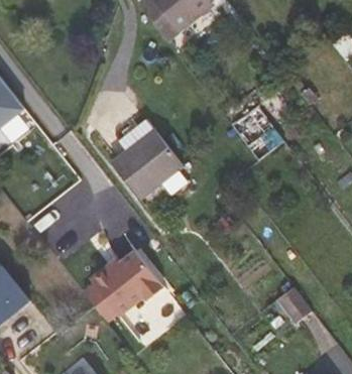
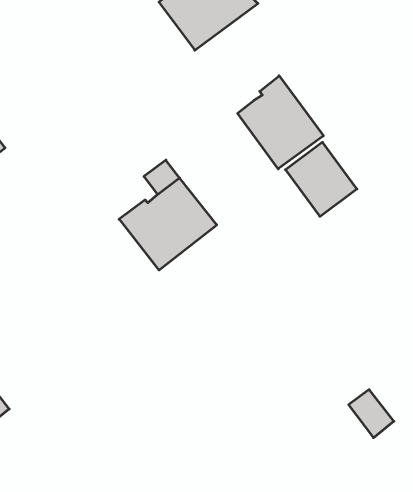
building: none -> [238,76,323,169]
building: [90,254,168,323] -> none

